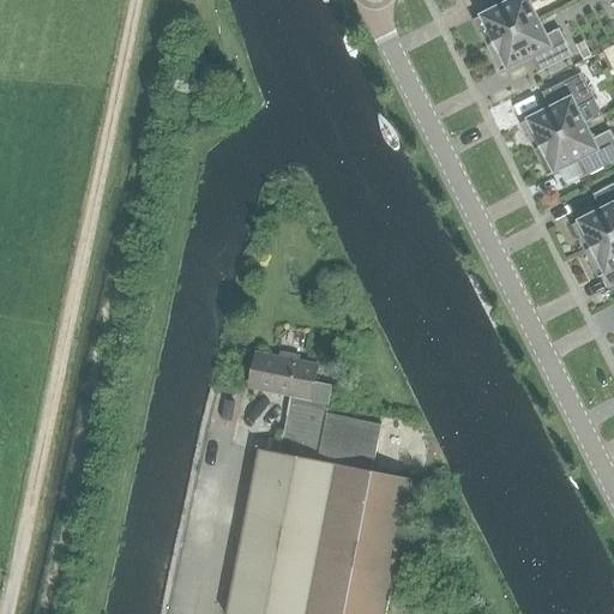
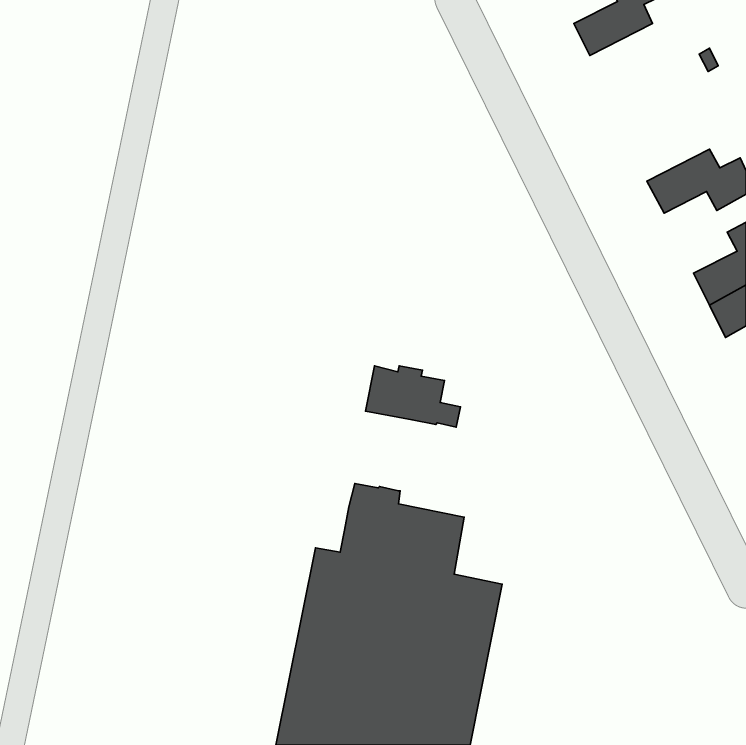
building: [484,19,571,72] -> none
building: [518,72,594,149] -> none
building: [253,353,331,403] -> [366,366,460,427]

